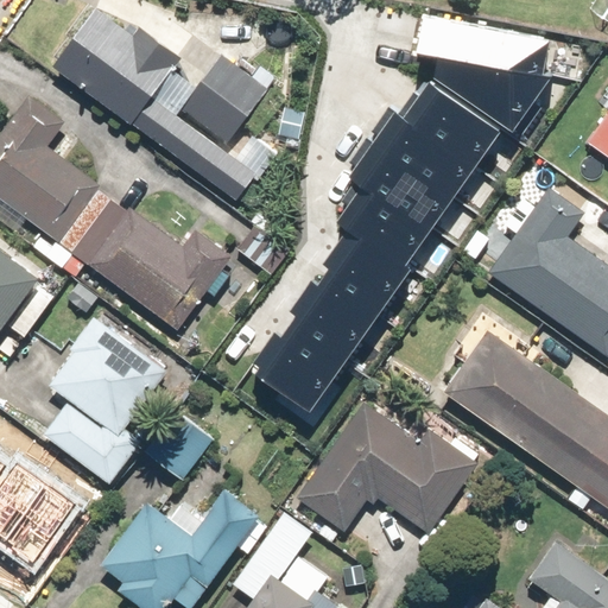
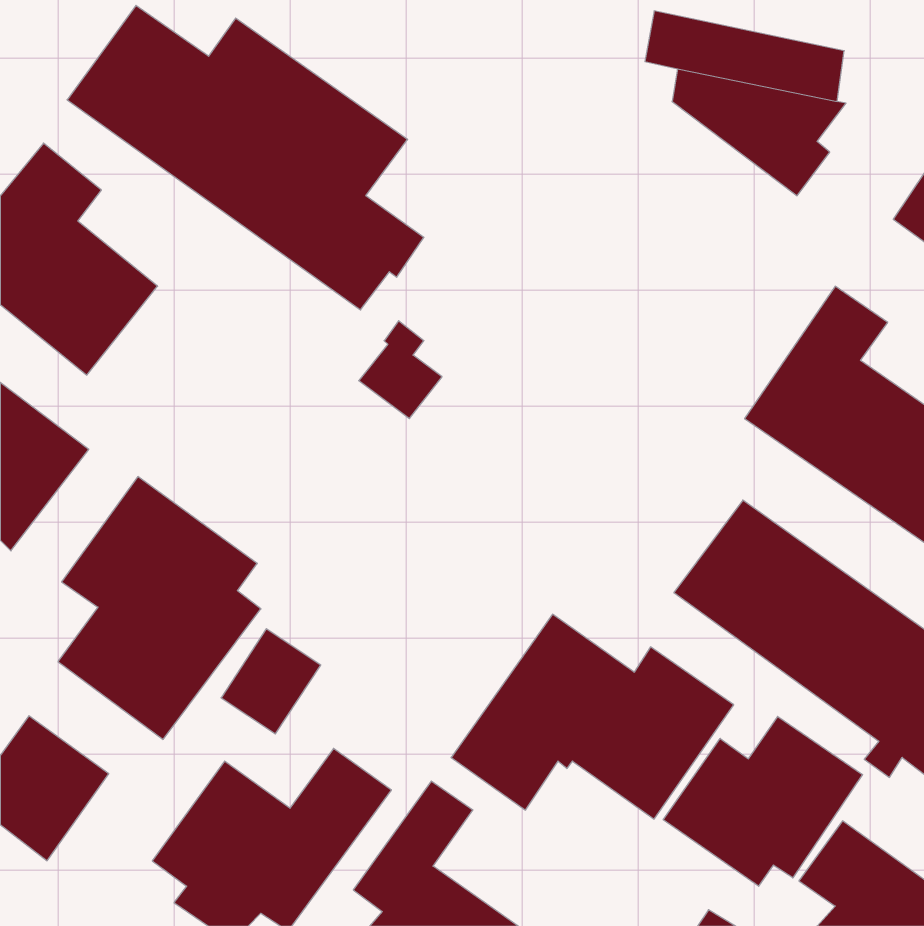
building: [242,83,506,408] -> none
building: [71,201,232,330] -> none
building: none -> [663,716,863,886]

